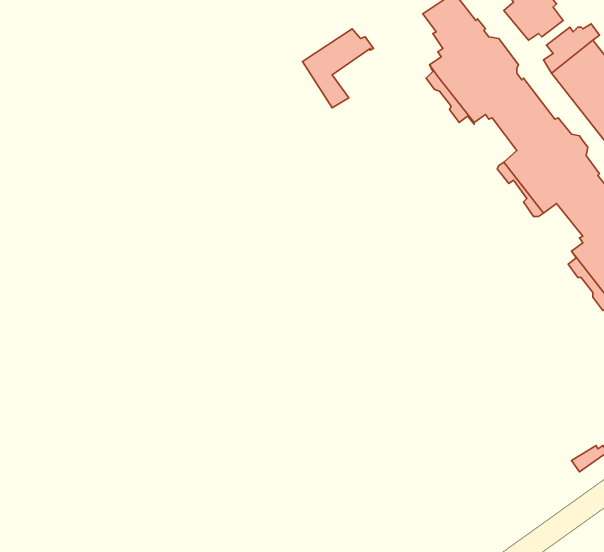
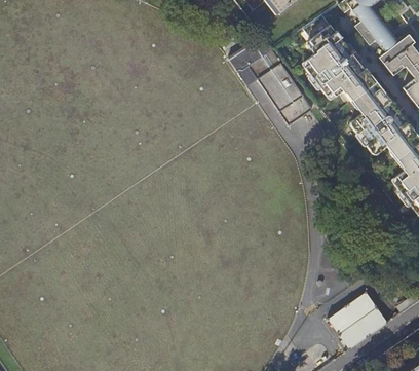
building: none -> [247,49,312,125]
building: none -> [329,293,387,350]

